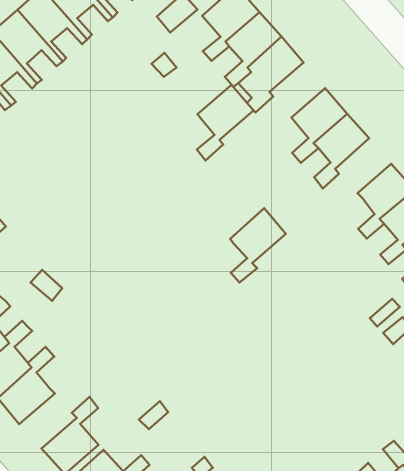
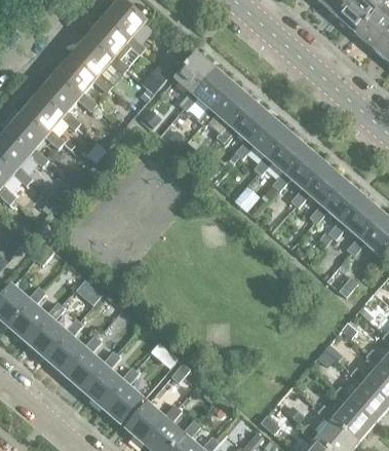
building: [197,85,253,160] -> [231,101,271,158]
building: [230,208,286,283] -> [286,149,326,205]
building: none -> [83,349,124,407]

